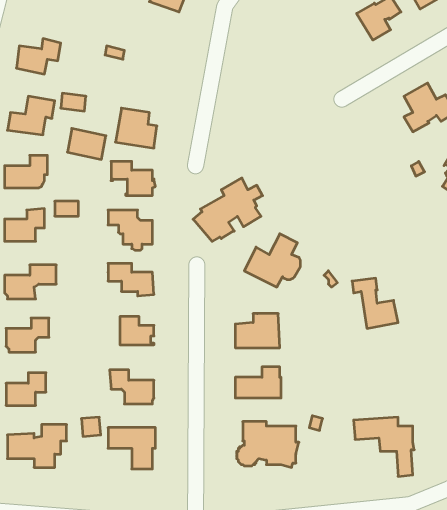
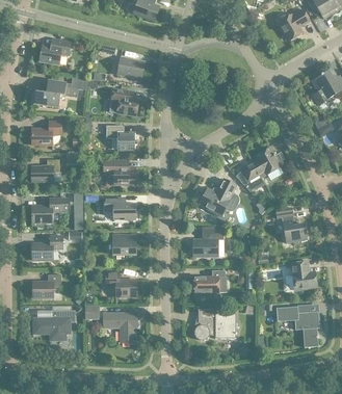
building: [67,128,106,159] -> [116,56,143,78]
building: [193,178,263,241] -> [235,146,284,190]
building: none -> [290,260,316,289]

